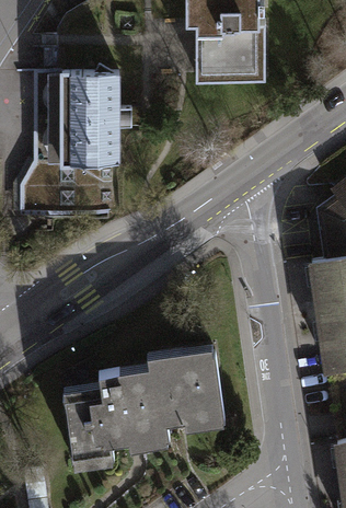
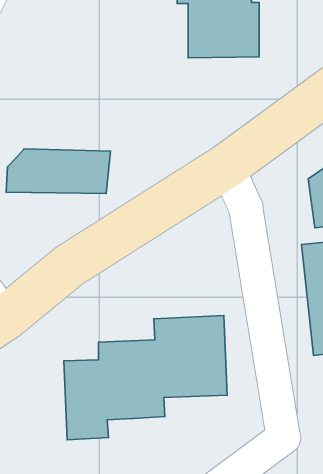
building: [33,70,119,176] -> none

